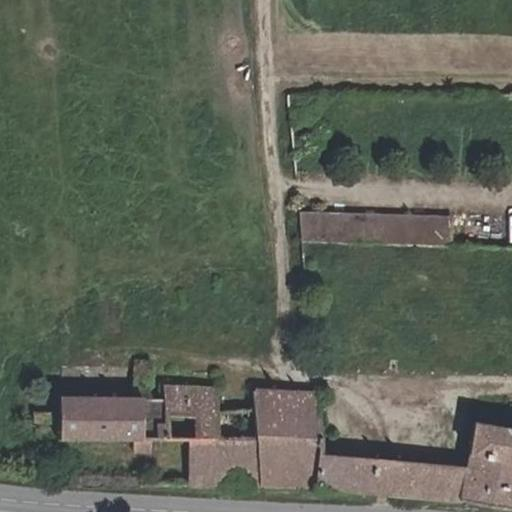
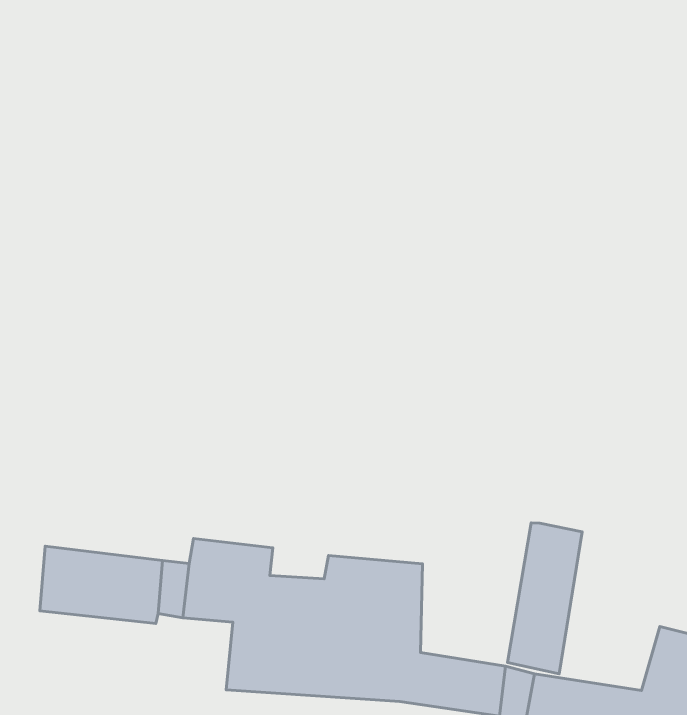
building: [301,209,452,242] -> none
building: none -> [507,523,582,674]

